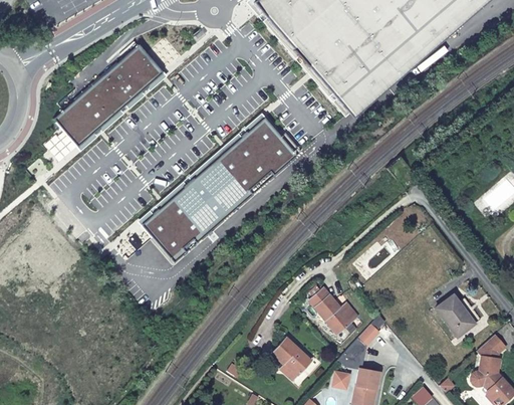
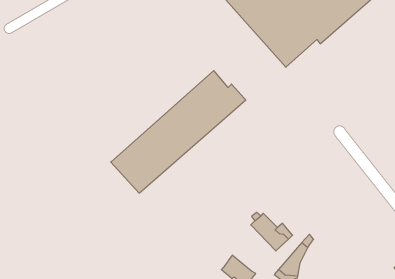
building: [51,43,161,146] -> none
building: [437,296,476,341] -> none

